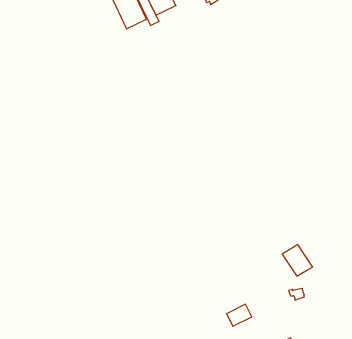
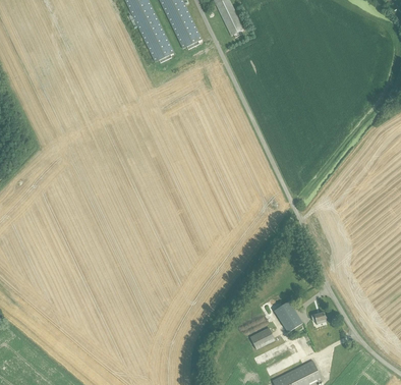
building: [282,245,313,276] -> [274,301,303,332]

